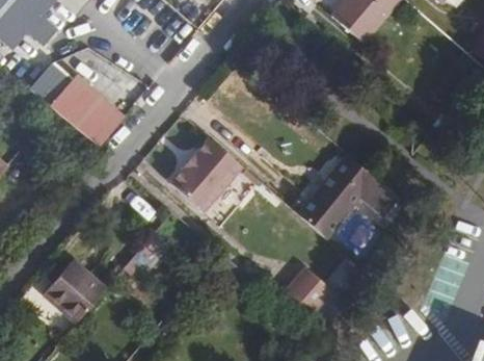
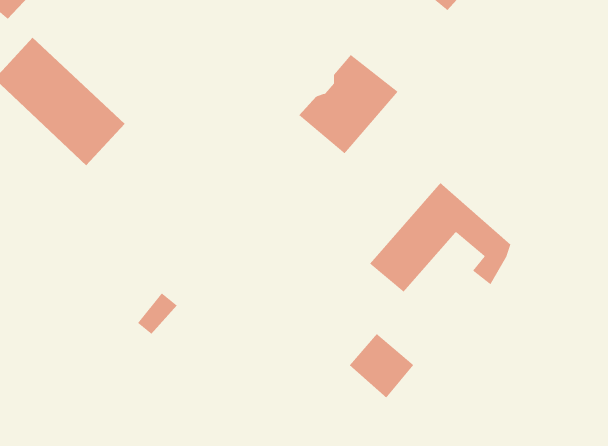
building: [170,139,242,211] -> [298,54,399,154]
building: [46,262,107,323] -> none

